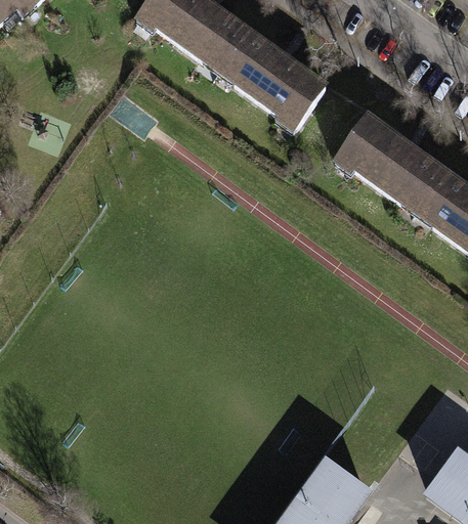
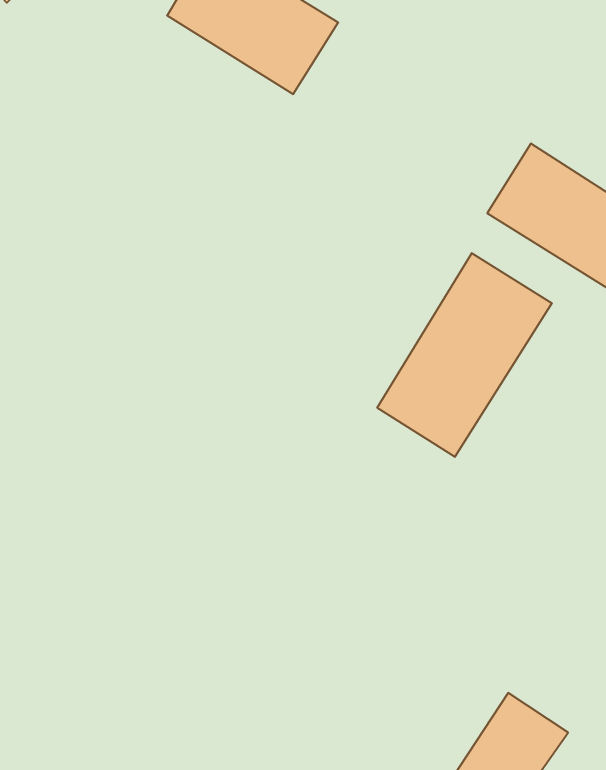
building: [216,28,326,128] -> none
building: none -> [377,253,552,457]

